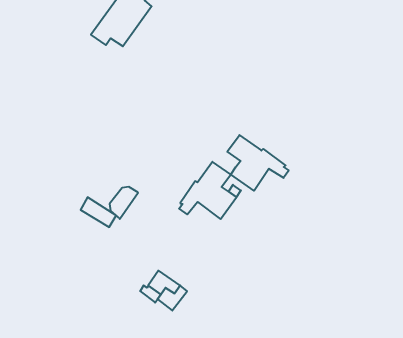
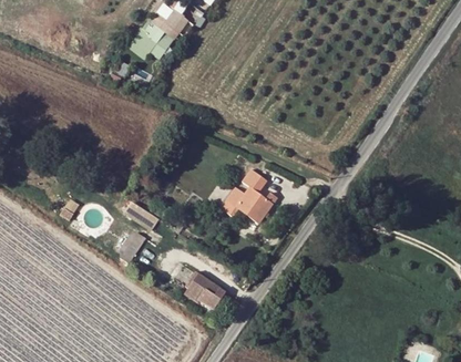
building: [227,135,289,191] -> none
building: [110,187,138,219] -> [117,232,145,263]

